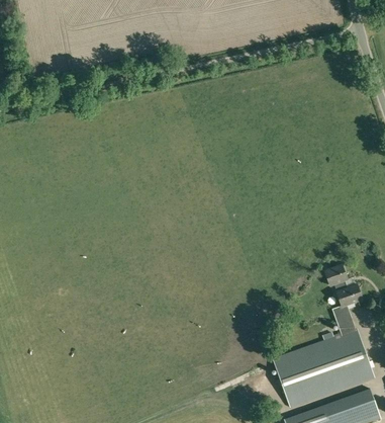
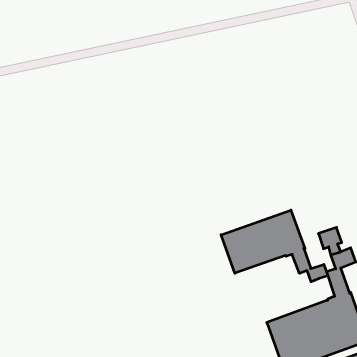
building: none -> [221,210,328,282]

